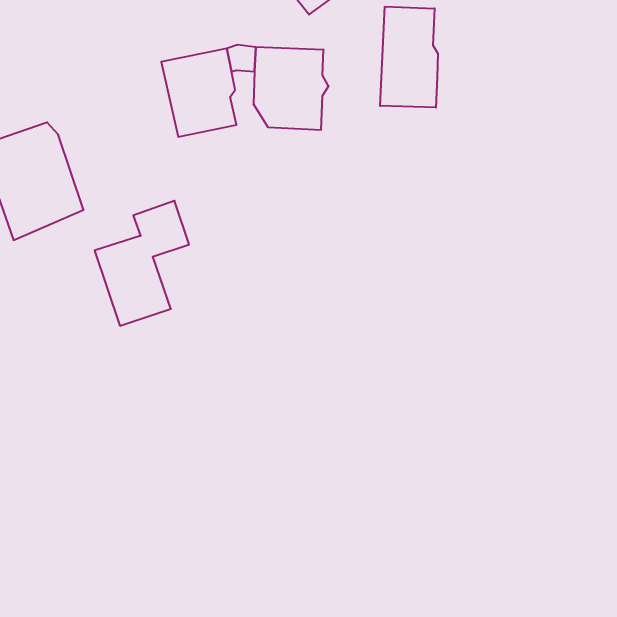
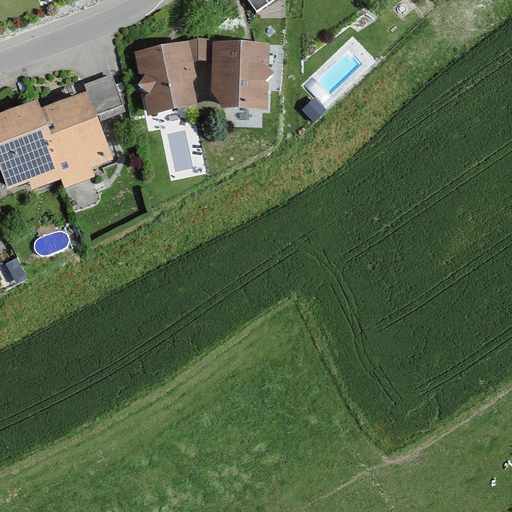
building: [380,7,438,108] -> none
building: [95,201,189,326] -> [48,70,126,173]

